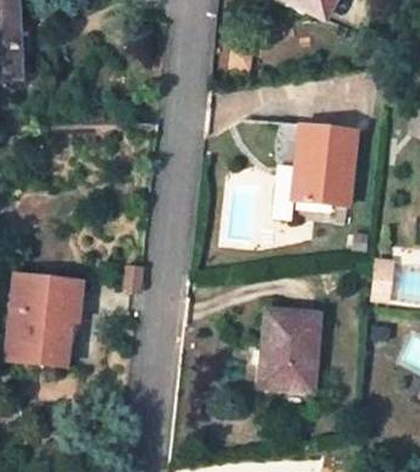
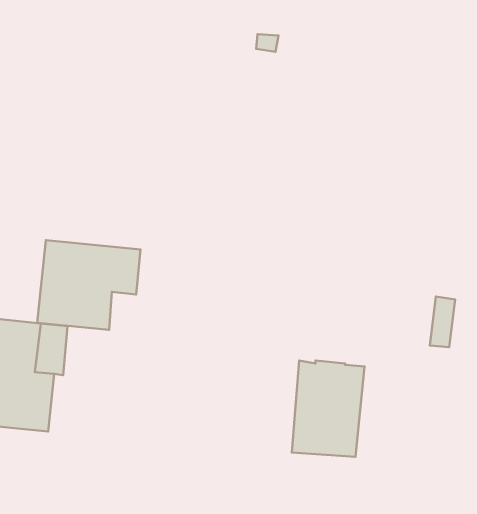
building: [294,126,357,205] -> none
building: none -> [37,240,141,330]

